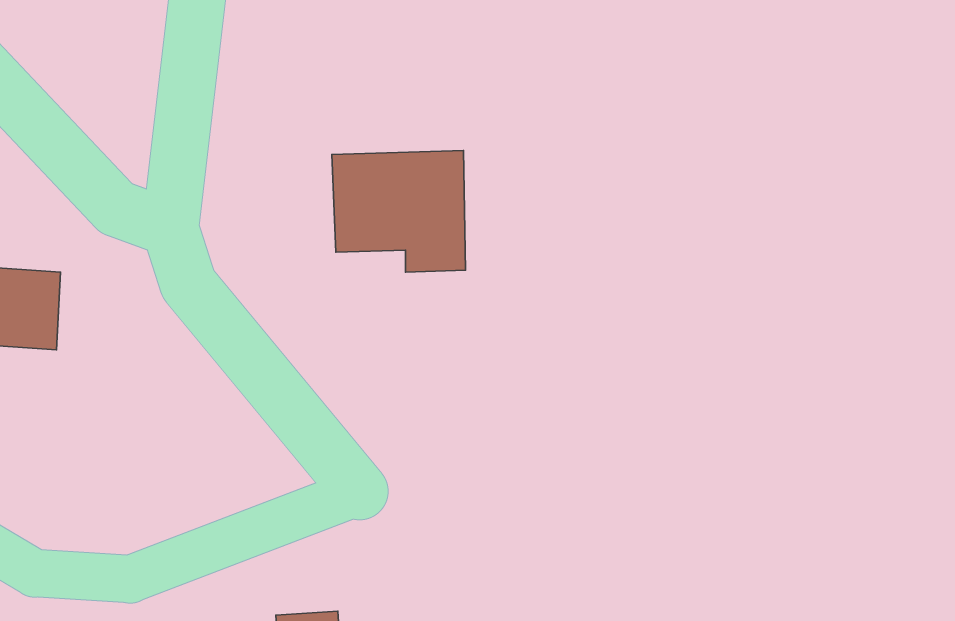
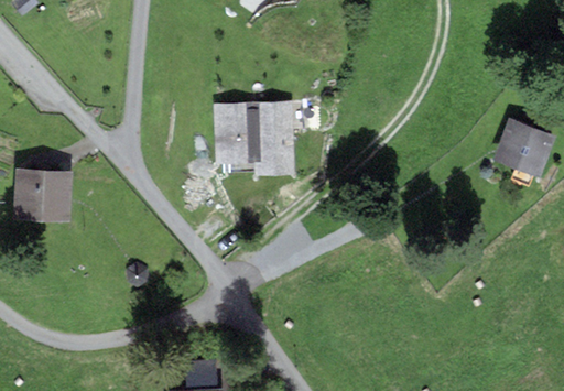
building: none -> [497,121,551,172]

